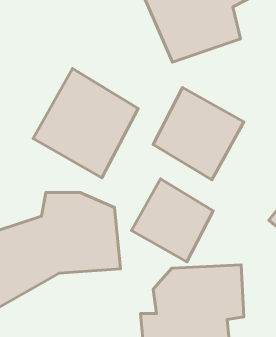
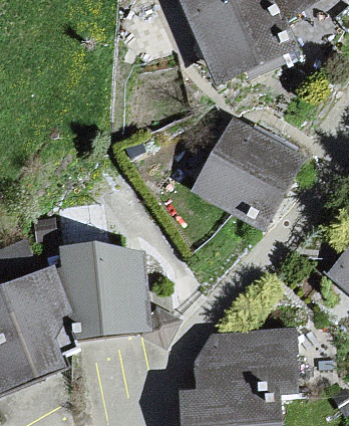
building: [33,68,138,178] -> none
building: [131,179,213,262] -> none

